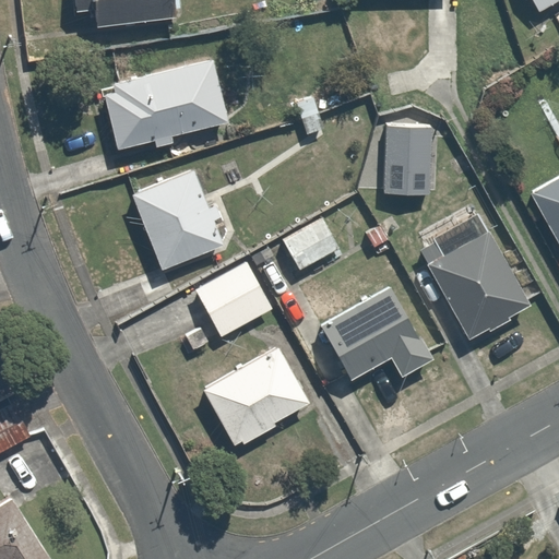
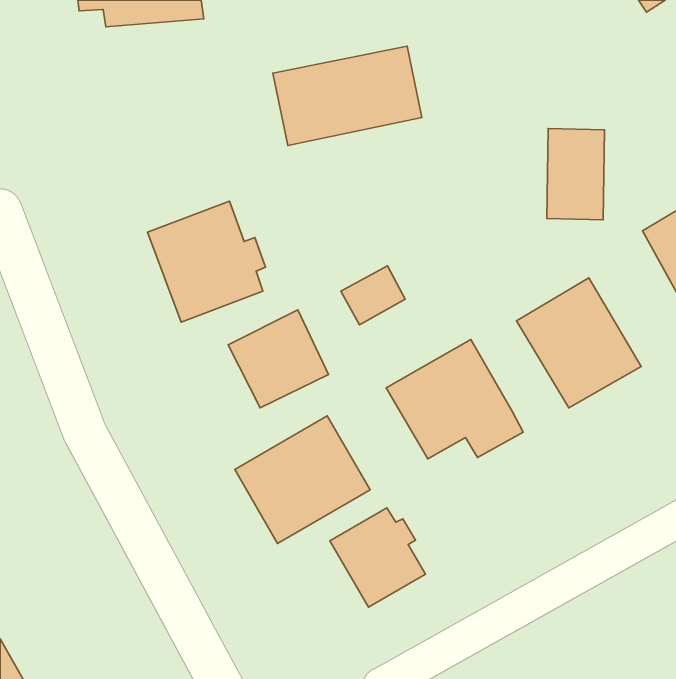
building: [103,66,224,146] -> [273,46,422,146]
building: [391,122,438,197] -> [547,129,604,220]
building: none -> [330,508,426,607]

